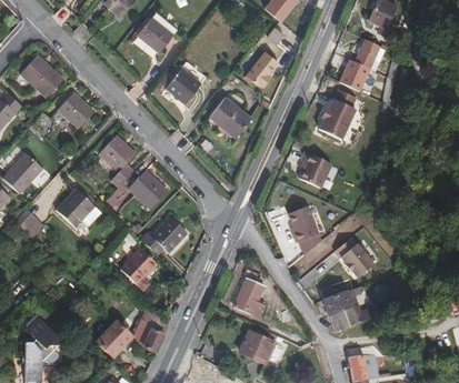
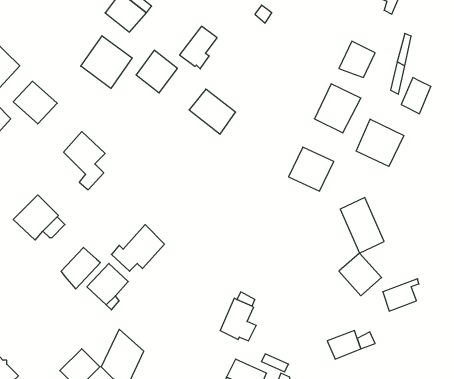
building: [353,37,379,68] -> [401,78,431,114]
building: [243,50,276,87] -> [180,26,217,69]
building: none -> [81,36,132,88]
building: none -> [356,119,404,166]
building: [129,171,169,212] -> none
building: [285,202,322,250] -> [340,198,384,253]
building: none -> [61,247,100,289]
building: [322,288,353,315] -> [383,279,419,311]

